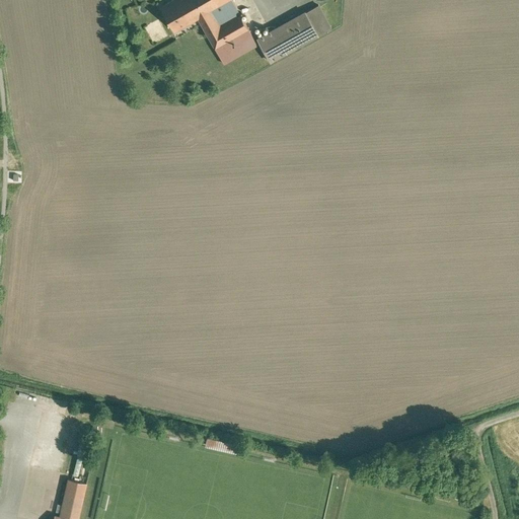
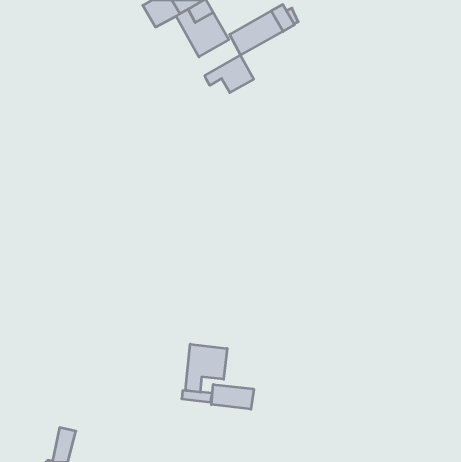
building: none -> [205,55,254,93]
building: none -> [186,344,227,392]
building: none -> [211,384,254,409]

